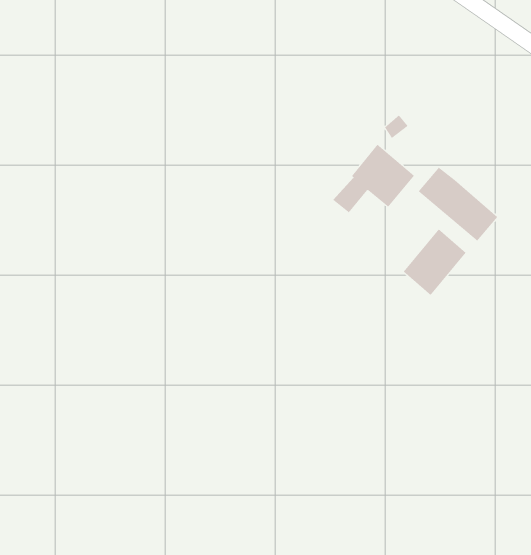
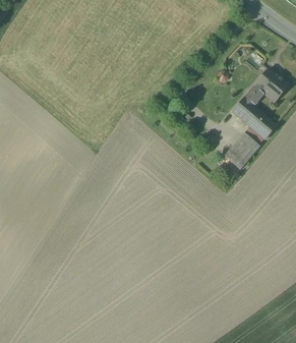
building: [332,144,415,213] -> [244,68,289,106]

